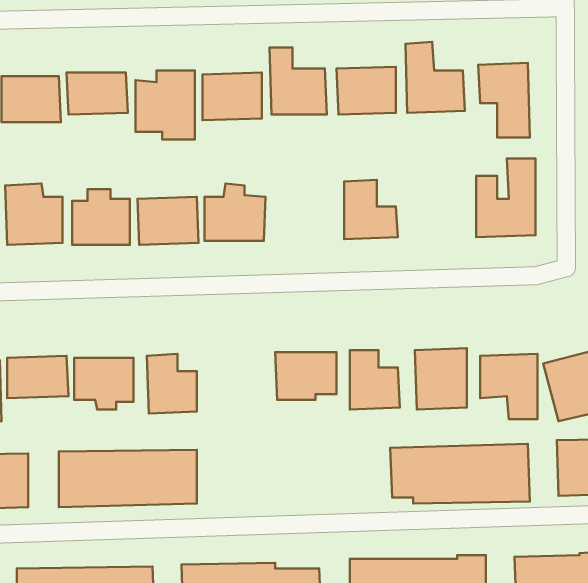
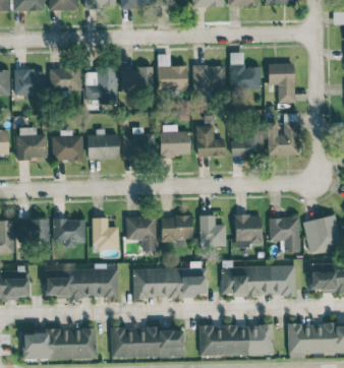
building: none -> [160,125,189,157]
building: none -> [231,127,261,156]
building: none -> [125,217,157,251]
building: none -> [132,267,206,298]

